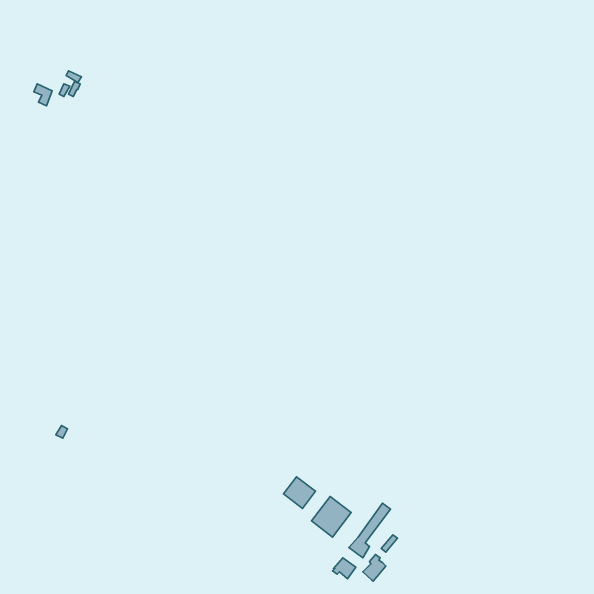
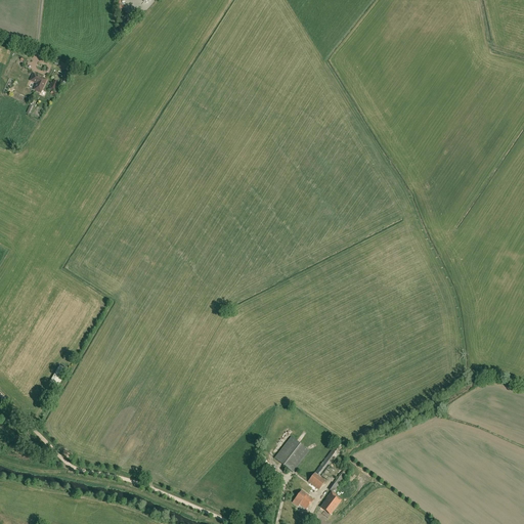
building: [284,477,316,509] -> none

